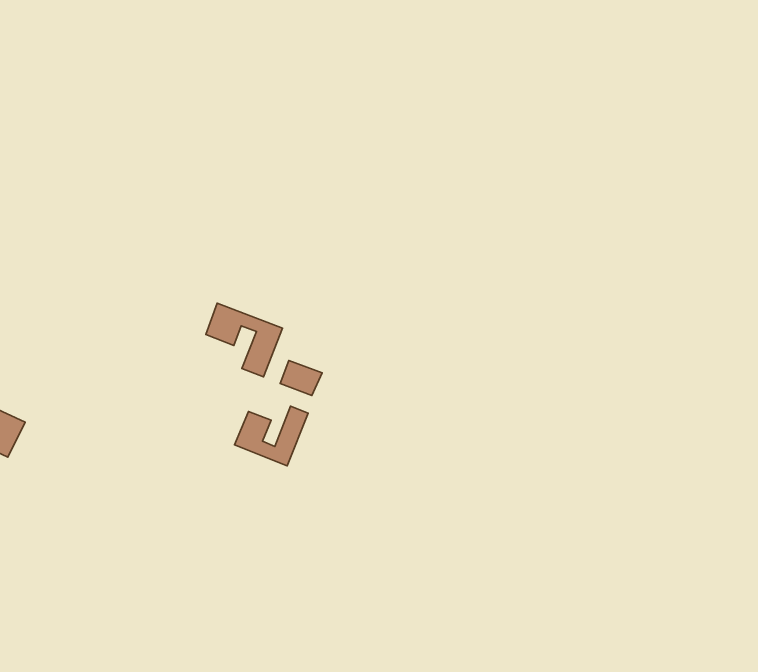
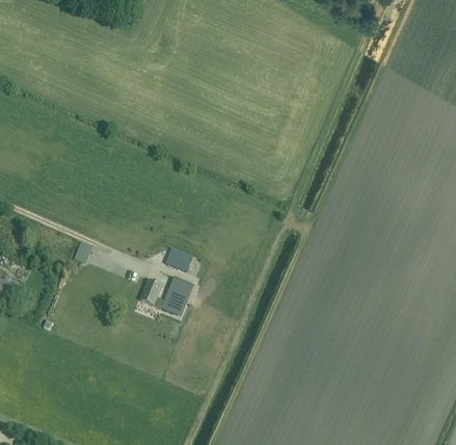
building: [206,303,282,377] -> none

